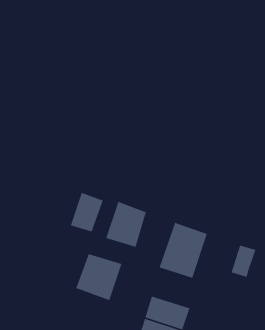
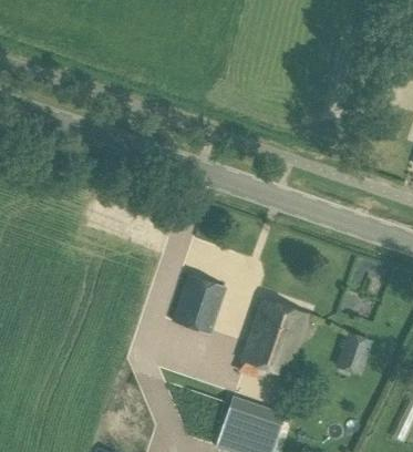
building: [70,192,104,232] -> none
building: [75,253,122,301] -> none

